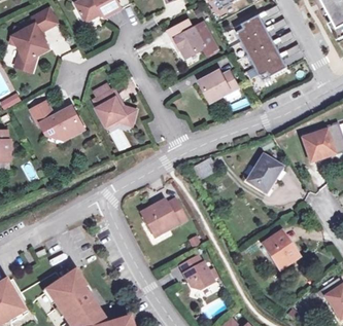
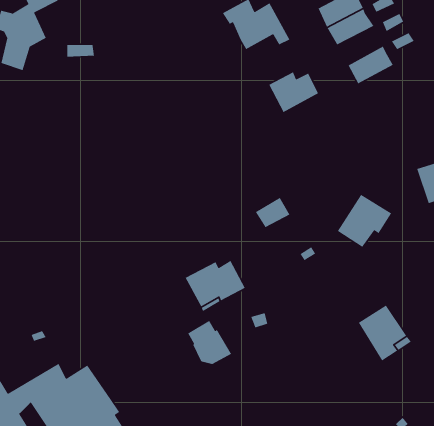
building: [247,39,279,66] -> none
building: [95,89,134,123] -> none
building: [32,102,82,134] -> none
building: [181,256,212,287] -> [187,320,232,365]

